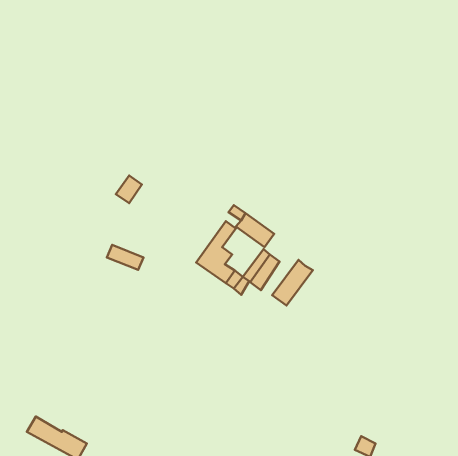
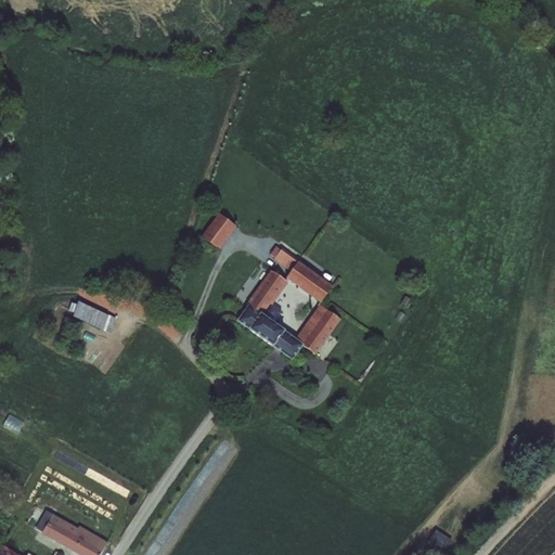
building: [116,175,142,203] -> [202,215,233,248]
building: [107,245,144,270] -> [74,302,118,333]
building: [272,260,313,306] -> none

